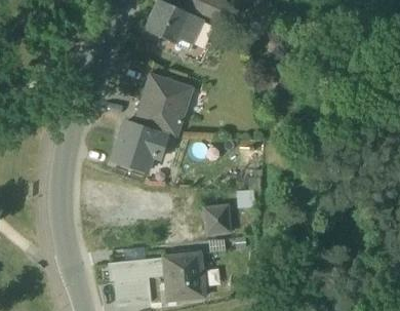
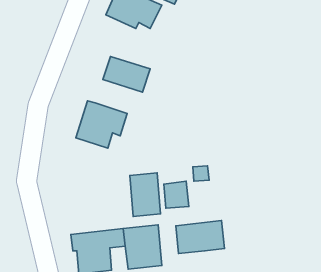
building: [133,99,184,138] -> none
building: none -> [130,173,161,217]
building: none -> [176,220,225,253]

